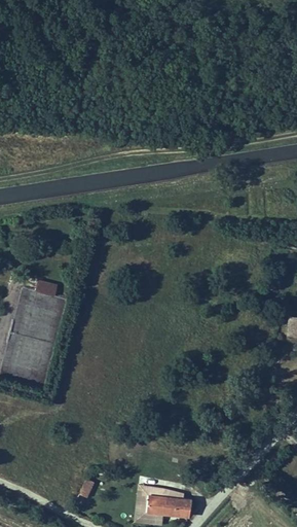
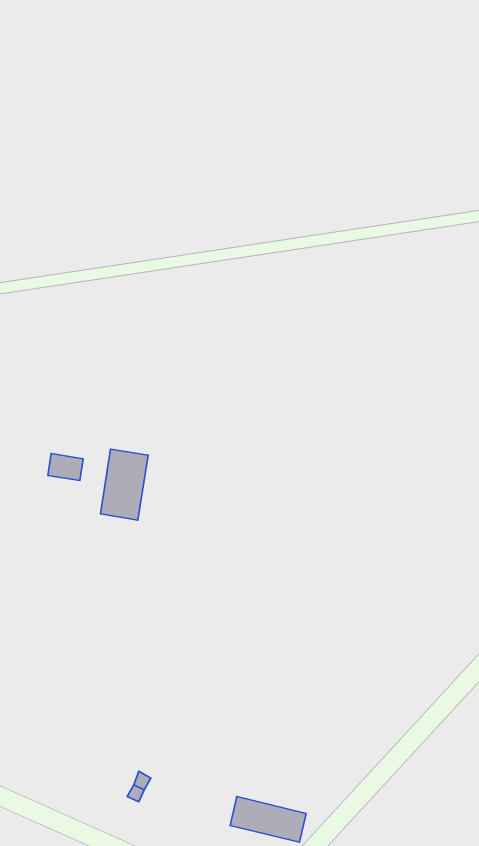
building: none -> [100,449,148,520]

